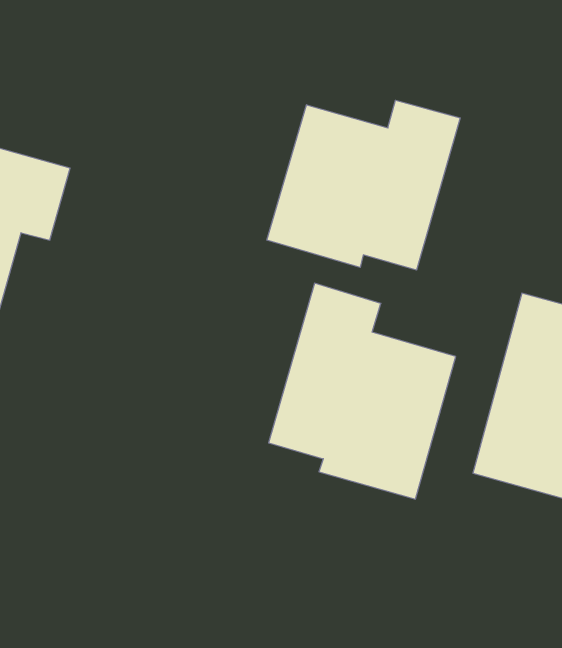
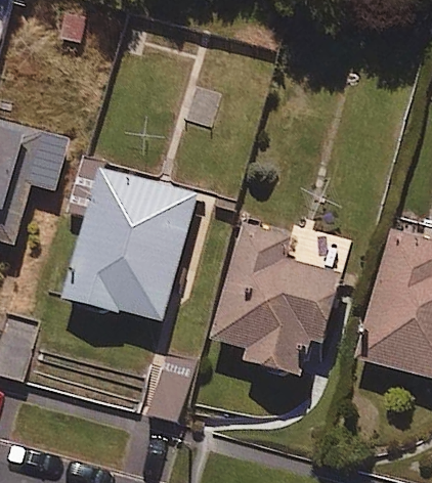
building: [267,100,460,270] -> none
building: none -> [64,167,197,320]

